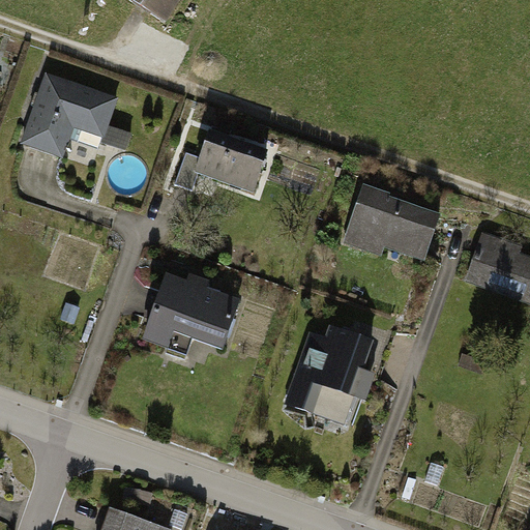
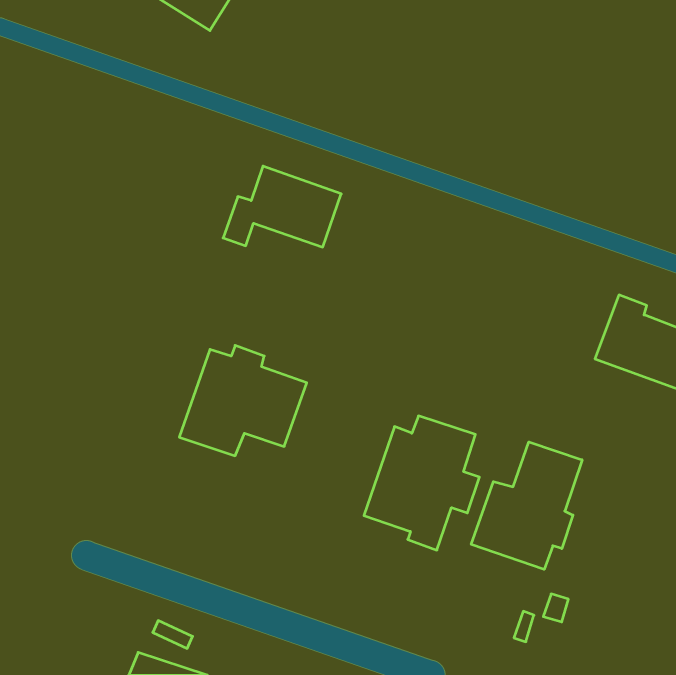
building: [21,73,135,160] -> none
building: [341,183,441,260] -> none
building: none -> [471,442,582,569]

